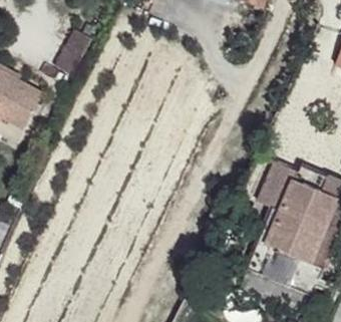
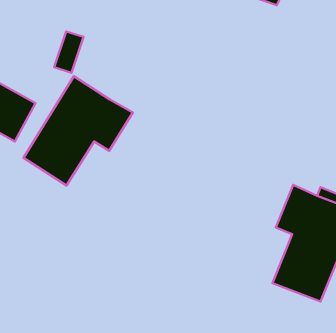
building: none -> [23,76,133,186]

